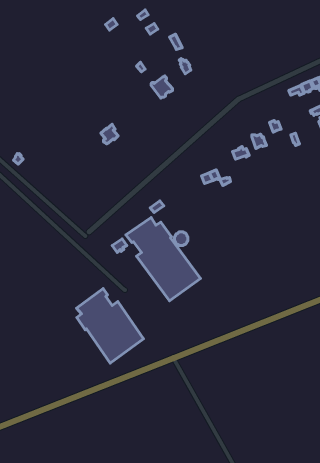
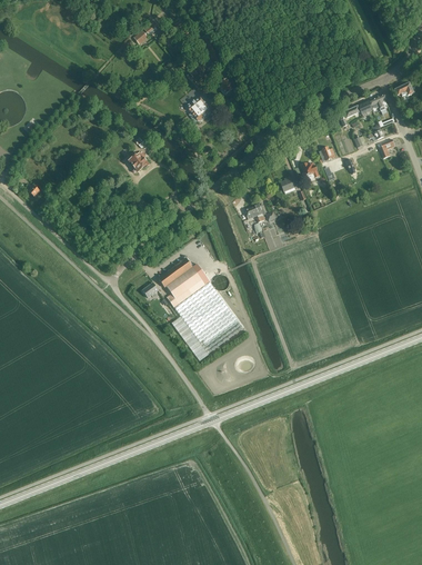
building: [77,288,144,363] -> none

